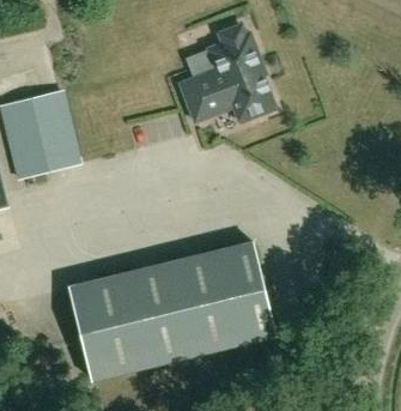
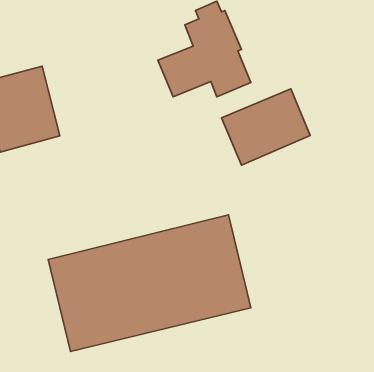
building: none -> [222,89,310,165]

